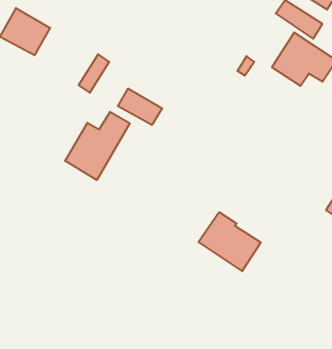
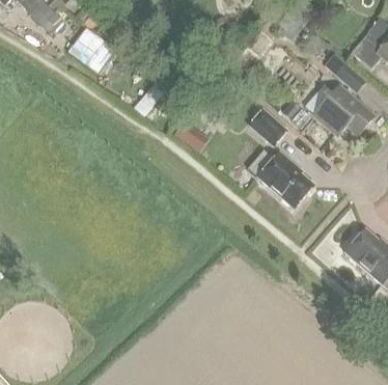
building: none -> [248,108,286,144]
building: [65,112,130,180] -> none
building: [199,212,261,271] -> [256,150,313,208]

